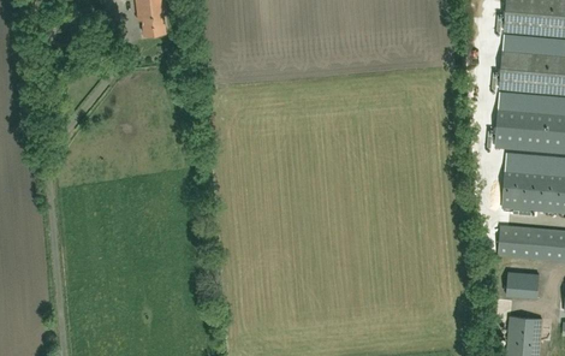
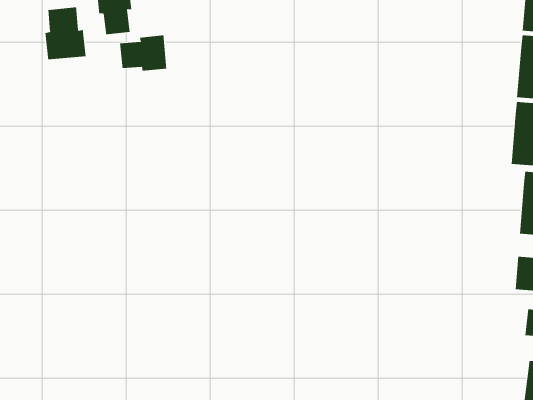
building: none -> [45,7,86,60]
building: none -> [120,34,167,72]

